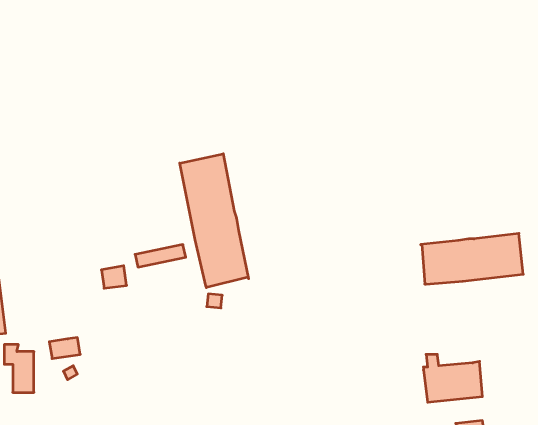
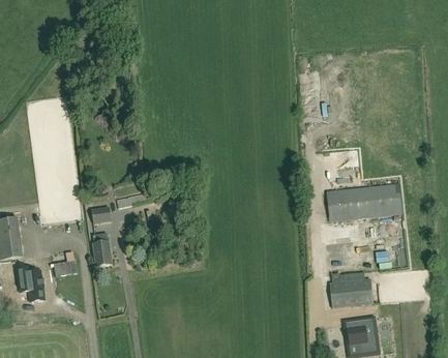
building: [180,154,249,288] -> none
building: none -> [92,232,111,265]

